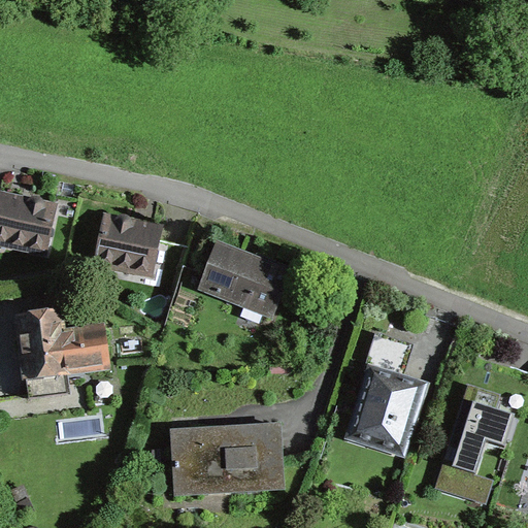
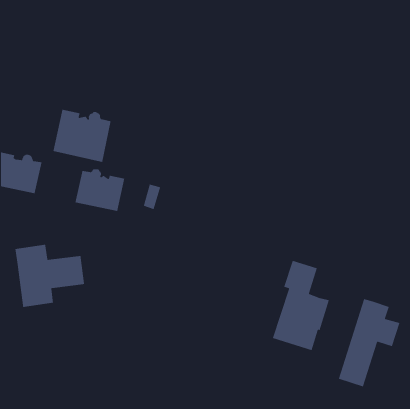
building: none -> [53,109,112,163]
building: [203,245,287,314] -> none
building: [172,425,284,494] -> none

